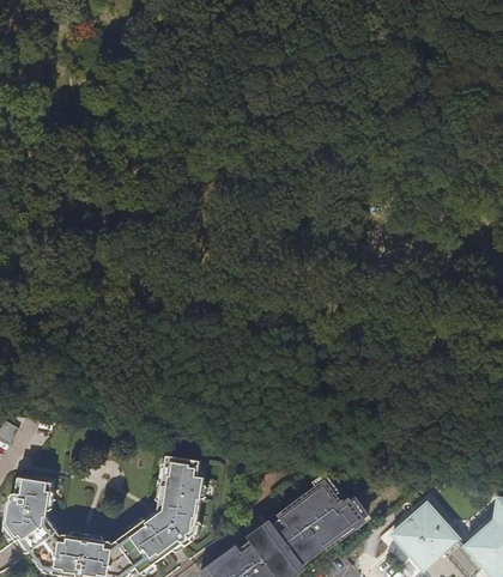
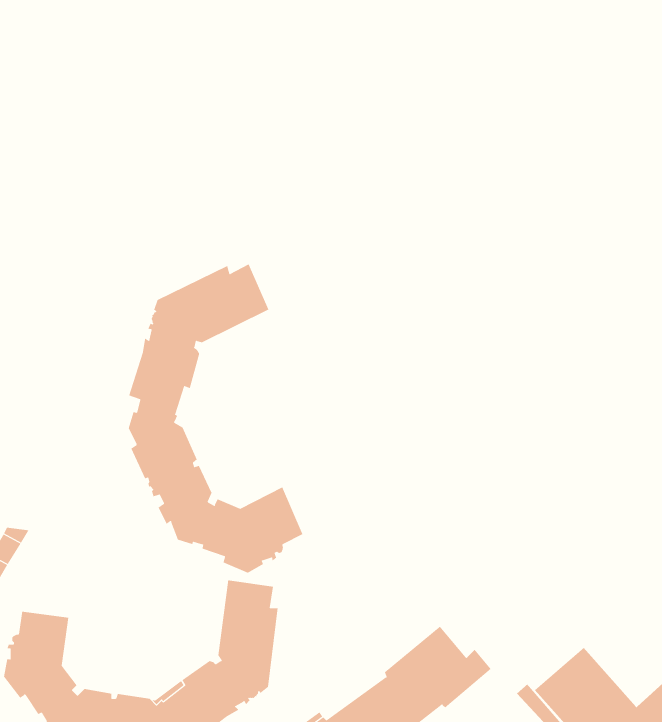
building: none -> [128,264,303,574]

